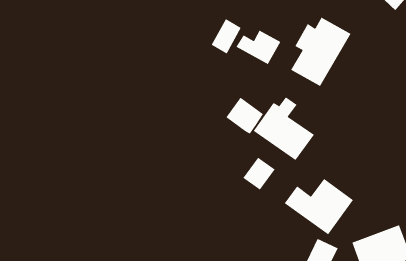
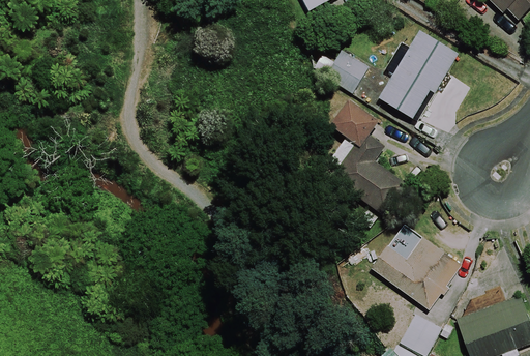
building: [211,18,242,54] -> none
building: [226,97,264,134] -> [333,96,382,144]
building: [243,157,276,190] -> none

